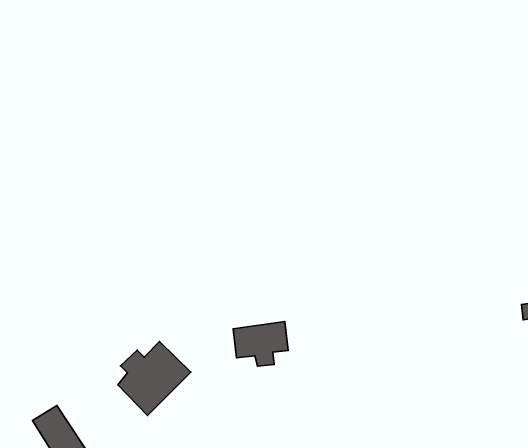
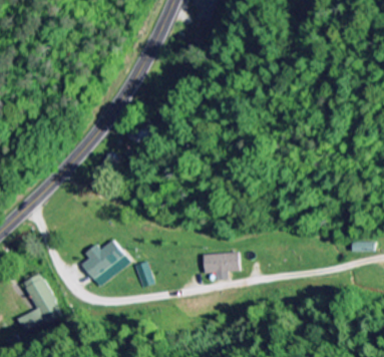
building: [233,322,288,366] -> [204,252,238,279]

